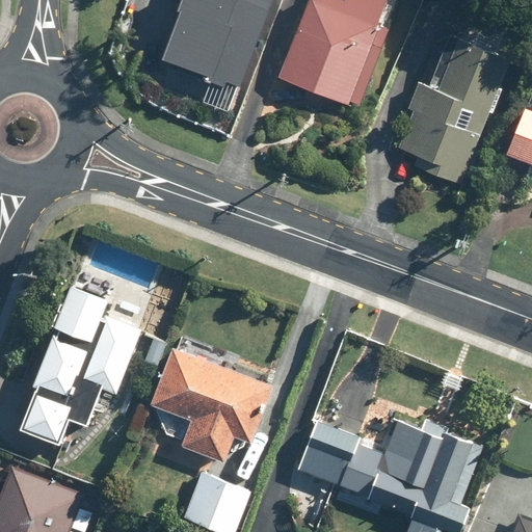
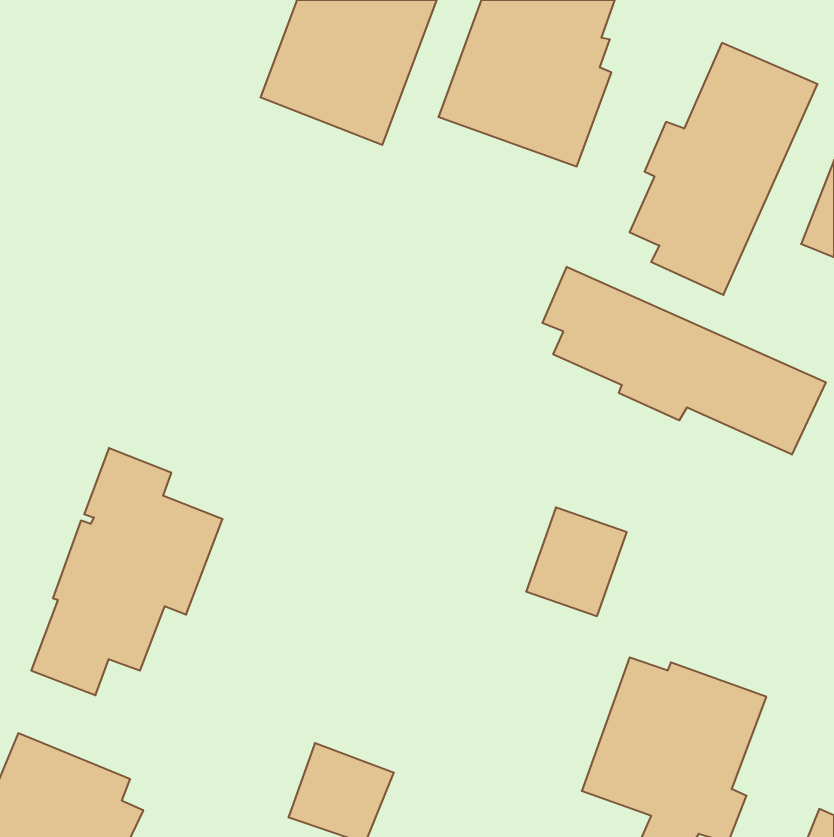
building: none -> [542,267,826,455]
building: [147,348,288,464] -> none
building: [296,418,360,486] -> [526,507,627,616]

